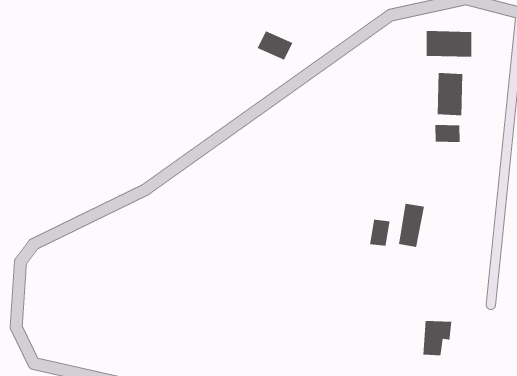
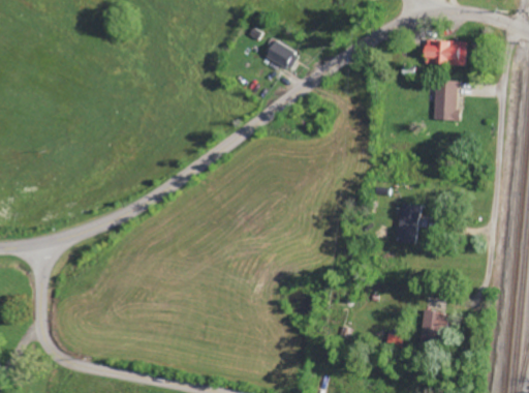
building: [435,124,460,143] -> none
building: [369,219,390,247] -> none

